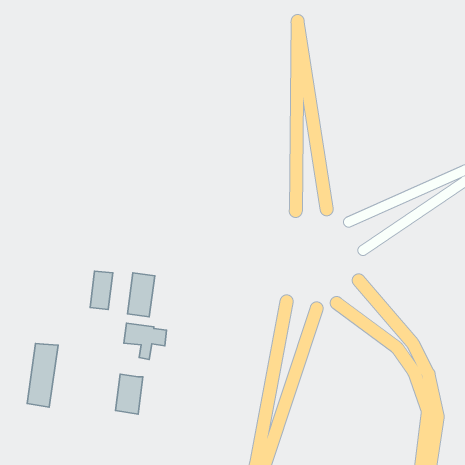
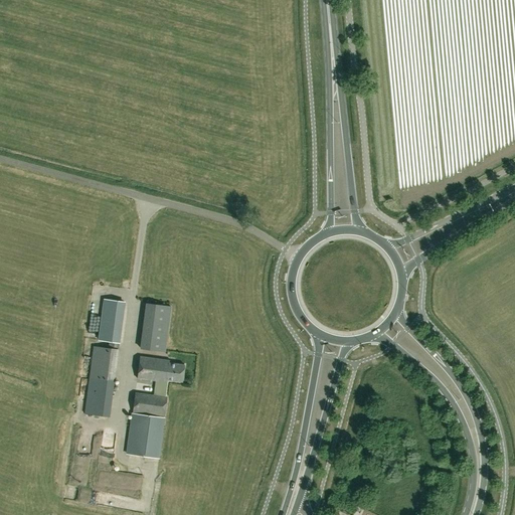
building: [27,343,58,407] -> [84,347,119,417]
building: none -> [133,393,167,416]

